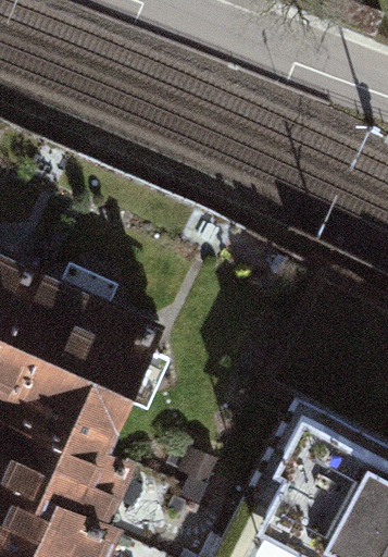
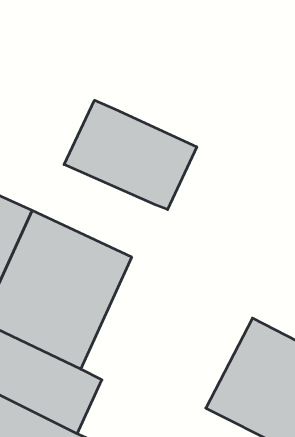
building: none -> [64,100,197,210]

